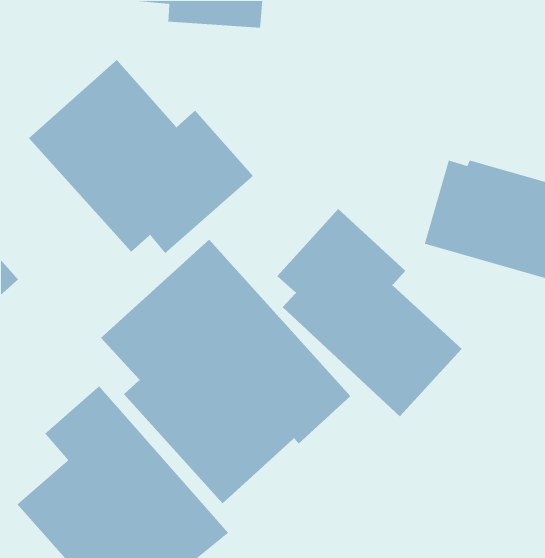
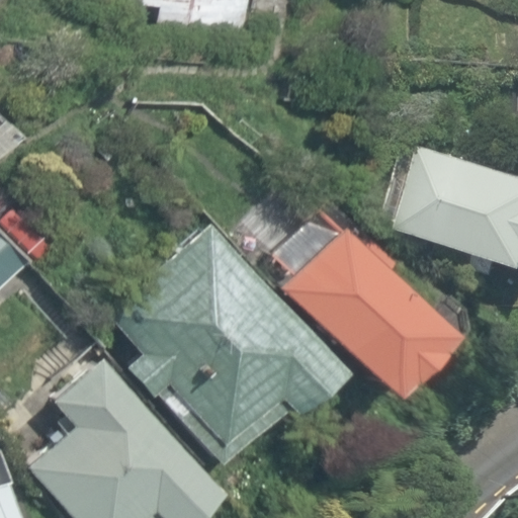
building: [28,59,254,254] -> none

